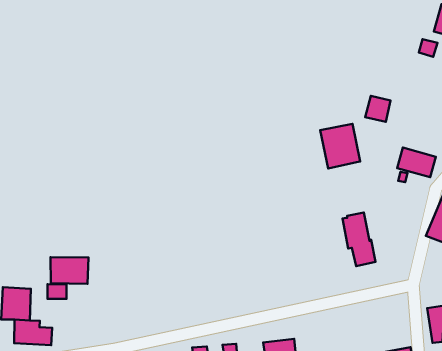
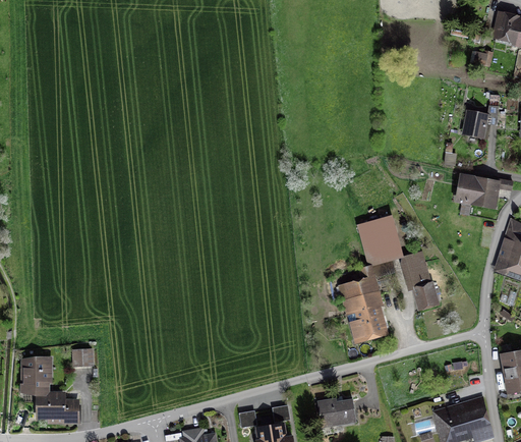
building: [365,96,391,122] -> [462,112,489,141]
building: [320,124,360,169] -> [356,215,403,267]
building: none -> [340,279,391,343]
building: [51,257,88,284] -> none

